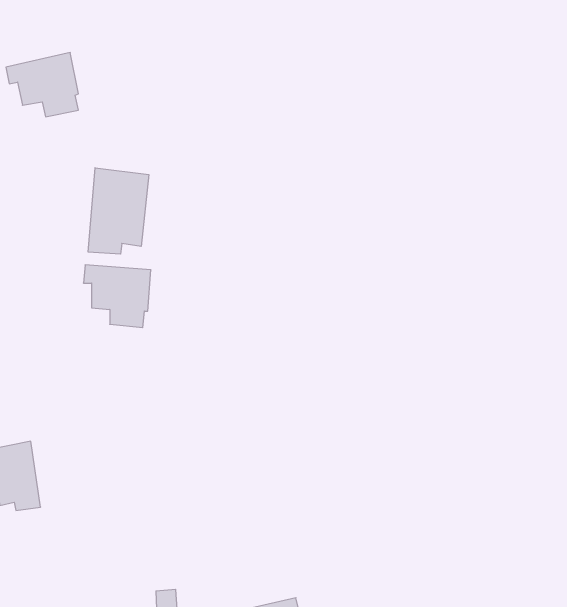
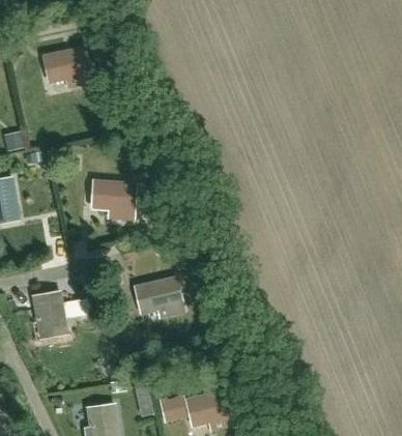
building: [88,168,149,254] -> none
building: none -> [135,277,181,318]

